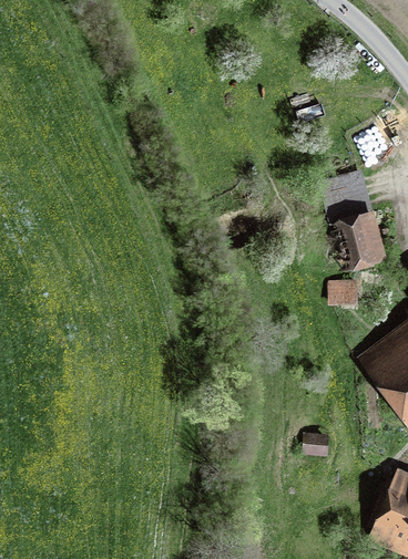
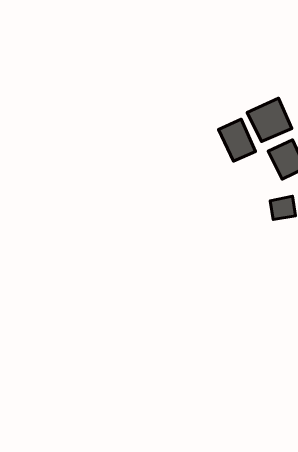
building: none -> [219,119,255,161]

